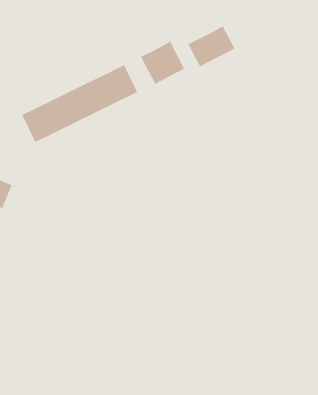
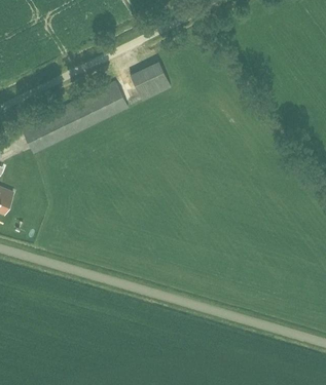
building: [188,25,235,67] -> none

